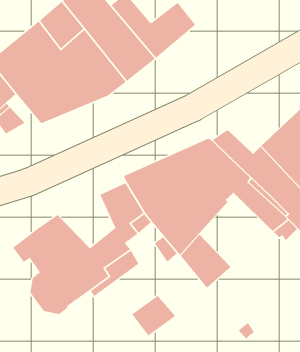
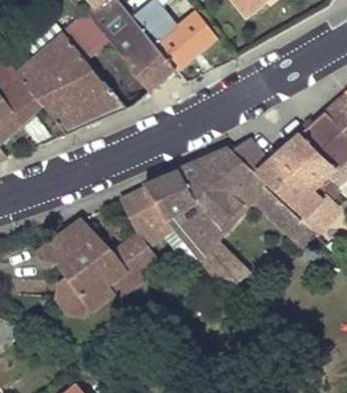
building: [131,295,176,337] -> none

